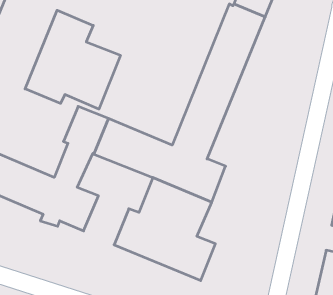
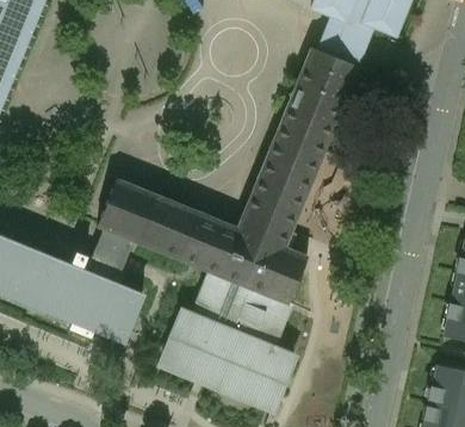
building: [25,10,120,109] -> none

